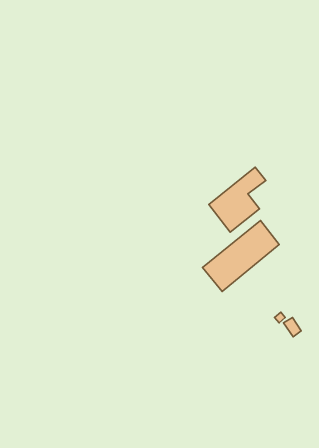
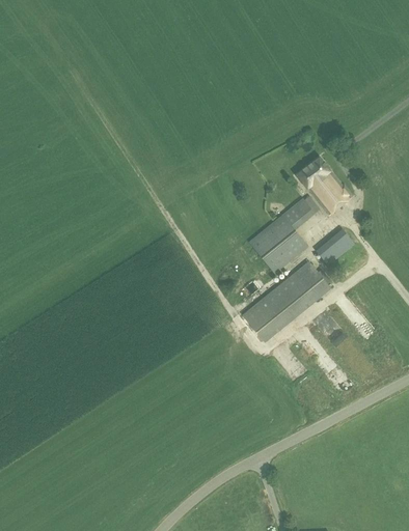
building: none -> [297,157,353,214]
building: none -> [316,228,355,266]

